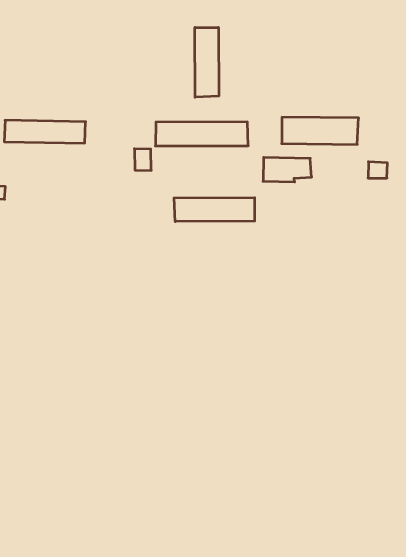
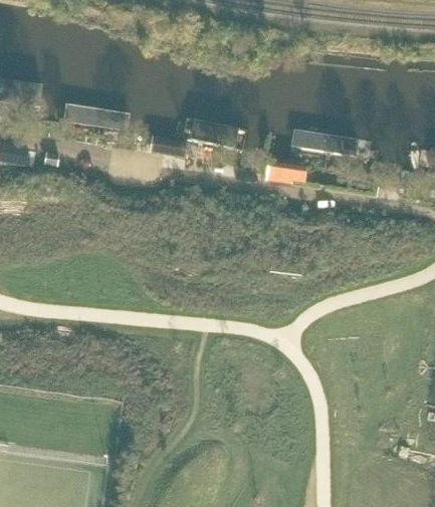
building: [195,27,219,97] -> none
building: [174,198,255,222] -> none

